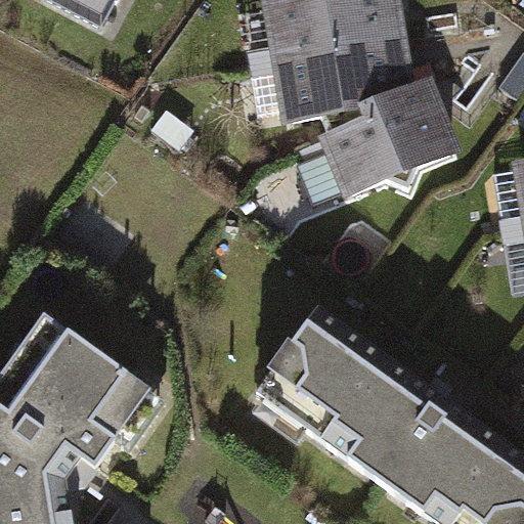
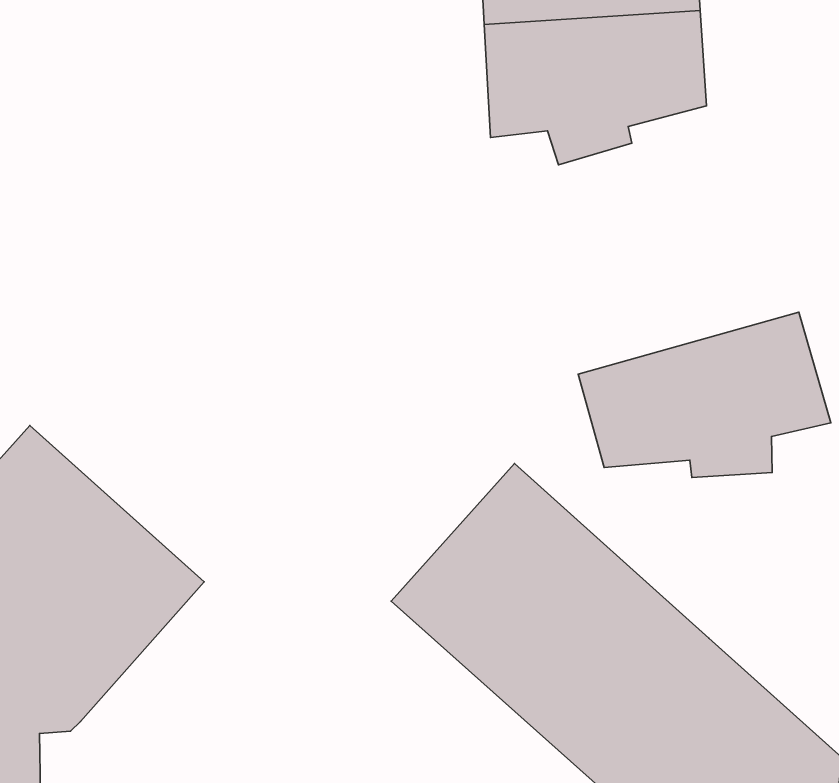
building: [324,87,448,194] -> none
building: none -> [578,312,831,478]

